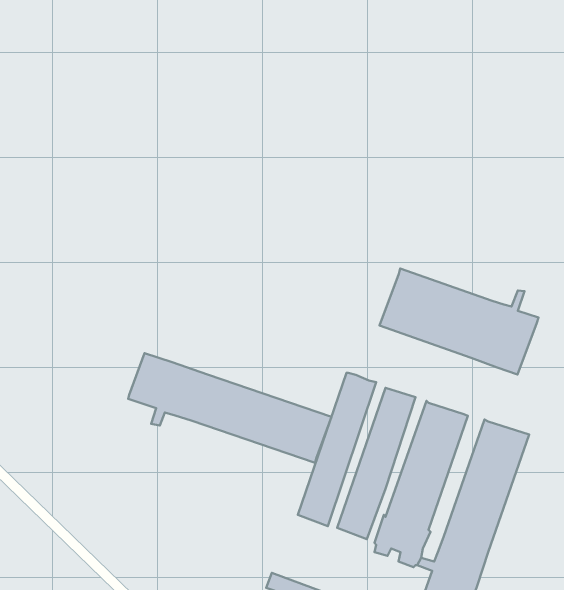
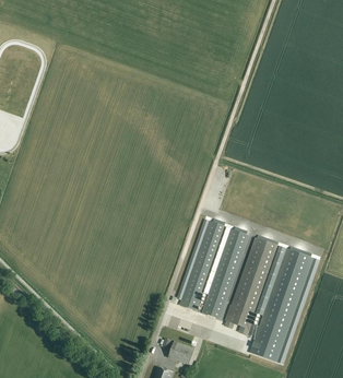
building: [380,269,538,375] -> none
building: [128,353,331,463] -> none

